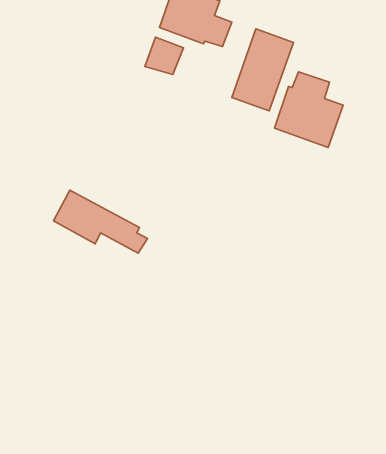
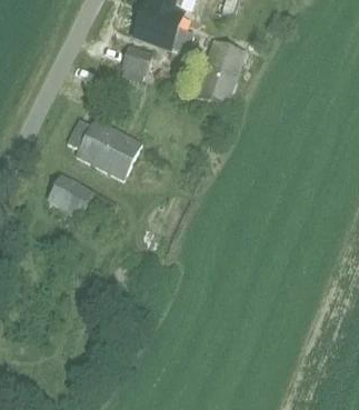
building: [274,72,343,147] -> none
building: none -> [66,119,141,181]

